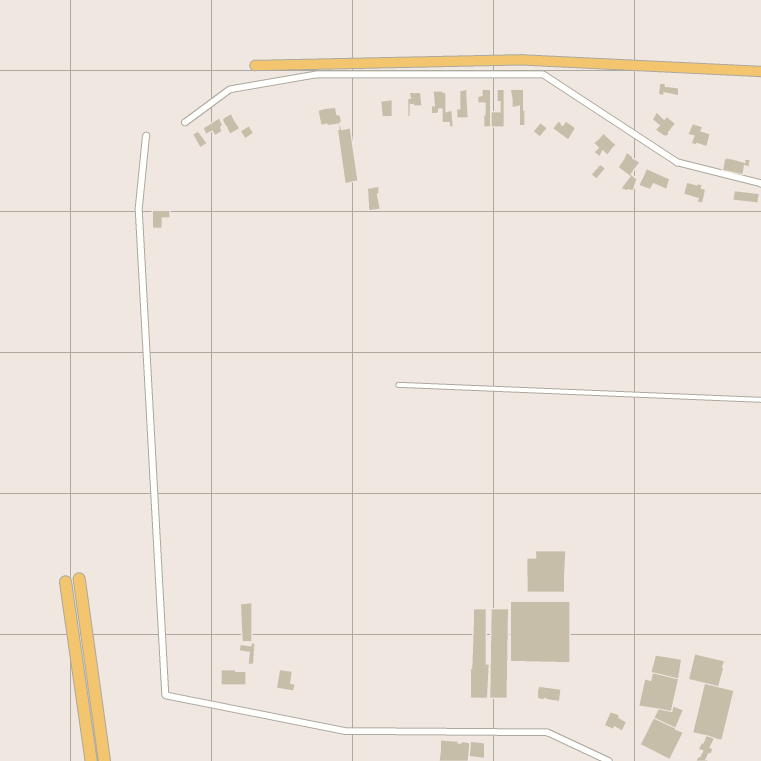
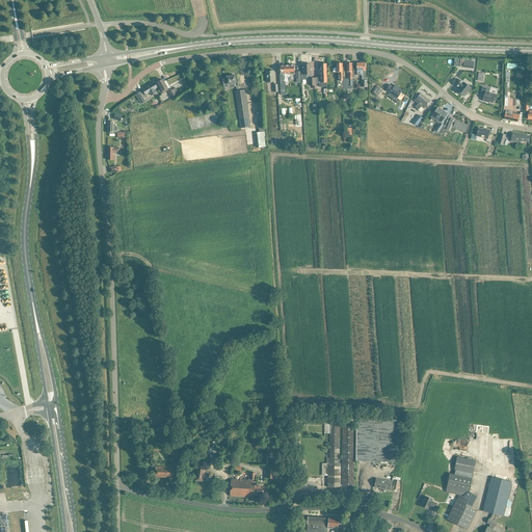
building: [527,550,566,592] -> none
building: [689,654,725,687] -> none
building: none -> [230,478,262,497]

